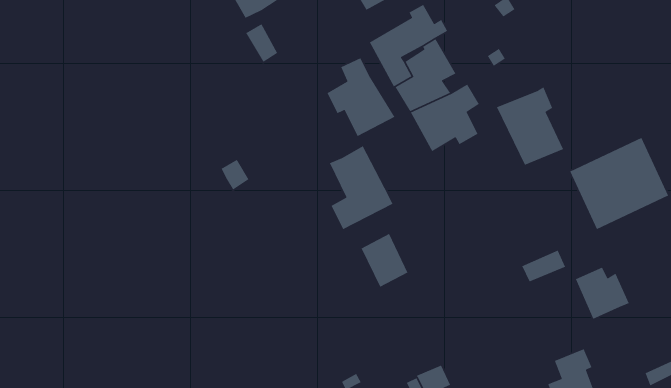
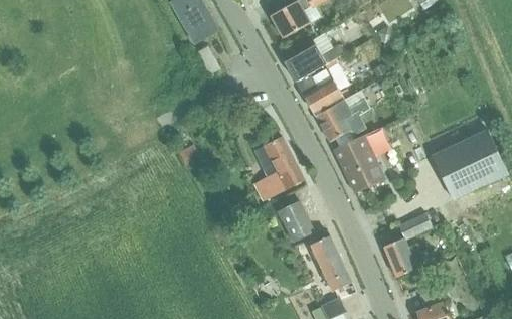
building: [326,57,395,137] -> none
building: [496,86,564,166] -> [332,133,382,191]
building: [575,266,630,320] -> [382,237,422,277]
building: none -> [309,235,350,292]

